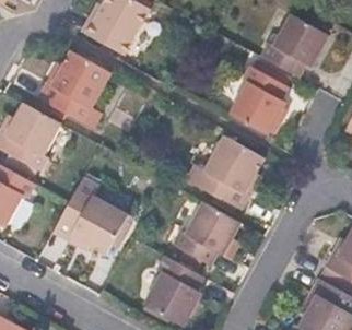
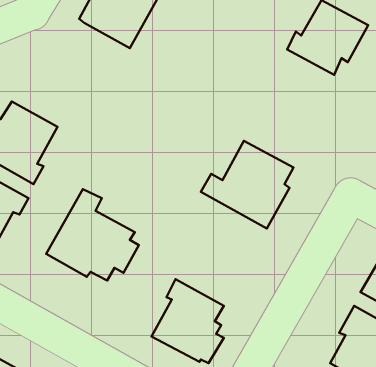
building: [37,49,113,128] -> none
building: [230,63,290,134] -> none
building: [172,200,242,266] -> none

